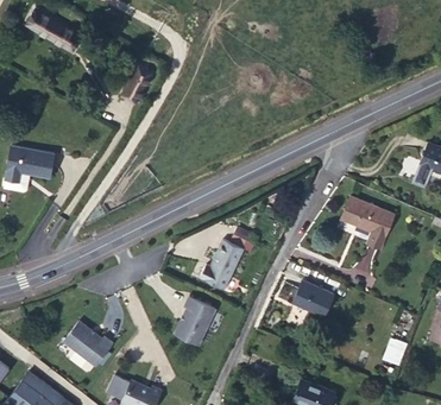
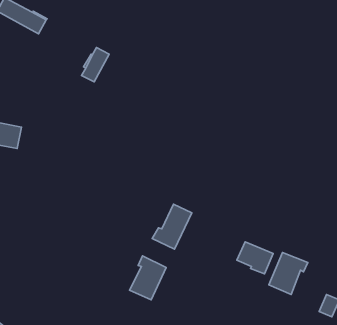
building: [341,196,395,247] -> none
building: none -> [269,252,308,295]
building: [64,321,113,365] -> none

